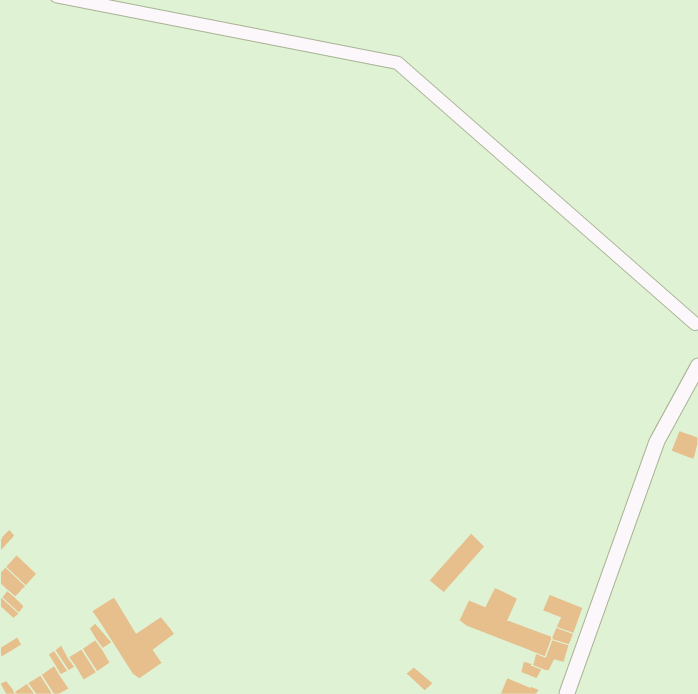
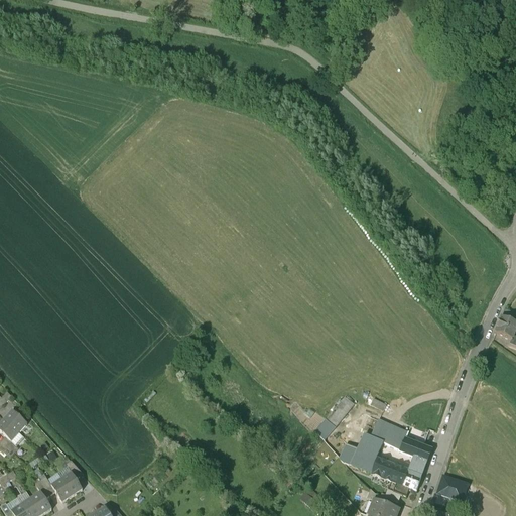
building: none -> [370,417,408,450]
building: [92,597,175,679] -> none
building: none -> [436,476,467,500]

